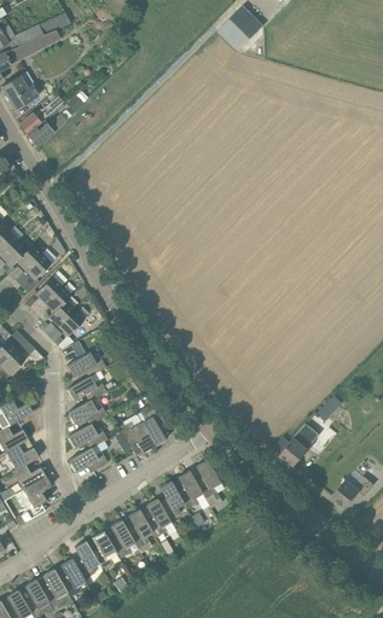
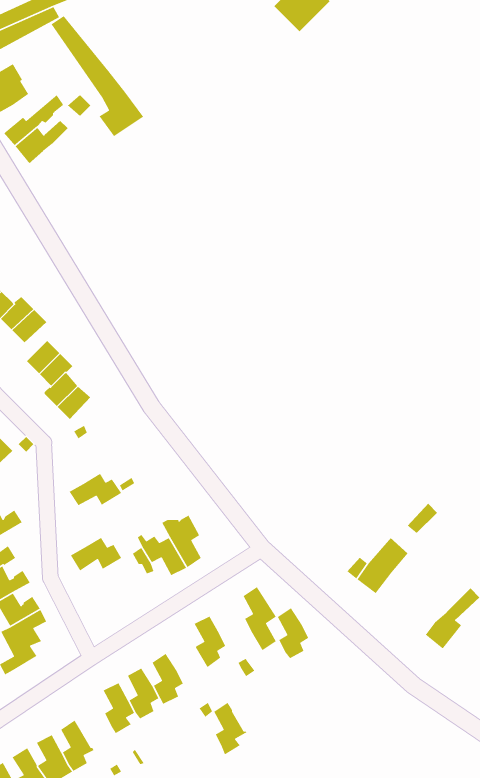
building: none -> [50,15,144,137]
building: [66,351,105,377] -> none
building: [68,398,106,424] -> none
building: [68,447,108,472] -> none
building: [178,470,202,508] -> [277,607,309,659]
building: [146,497,172,537] -> [213,702,247,755]
building: [74,540,98,578] -> none

